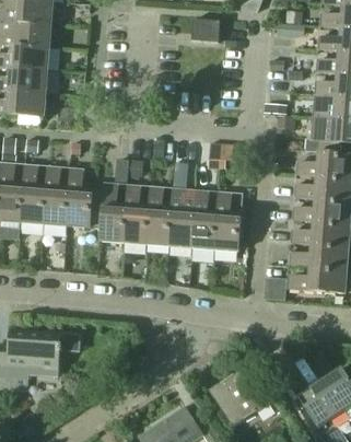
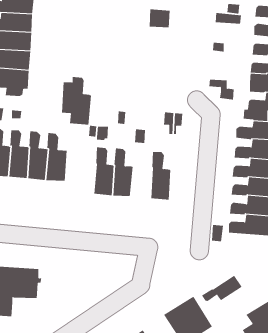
building: [91,183,128,242] -> [61,77,92,125]
building: [169,188,196,247] -> none
building: [217,191,242,251] -> none
building: none -> [201,275,243,302]

